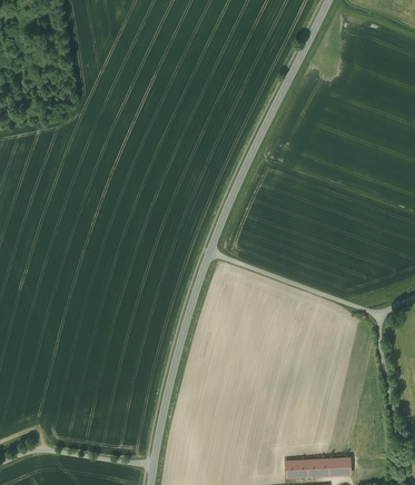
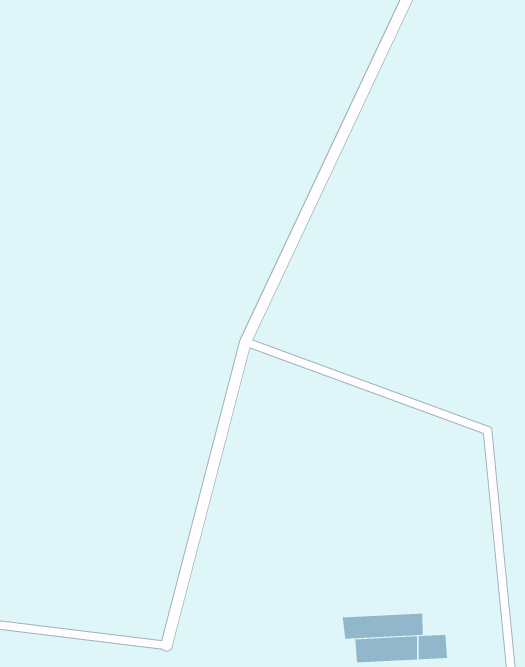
building: none -> [342,613,423,640]

